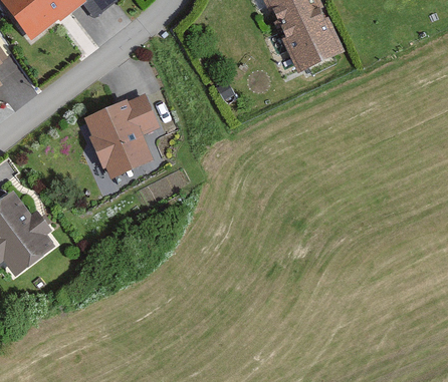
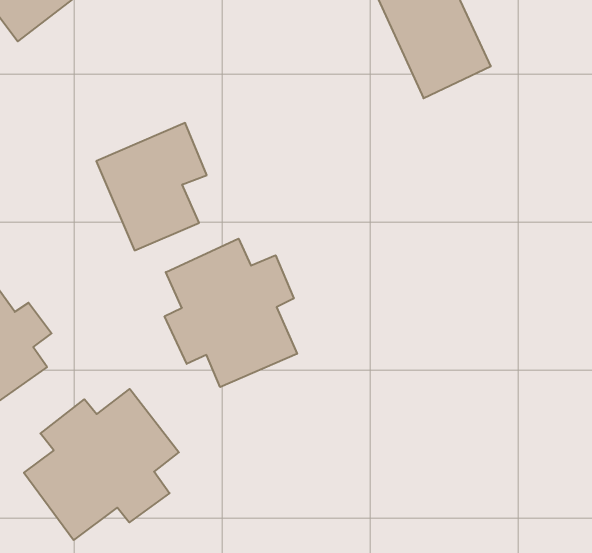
building: none -> [165,239,297,387]
building: none -> [24,389,179,540]

